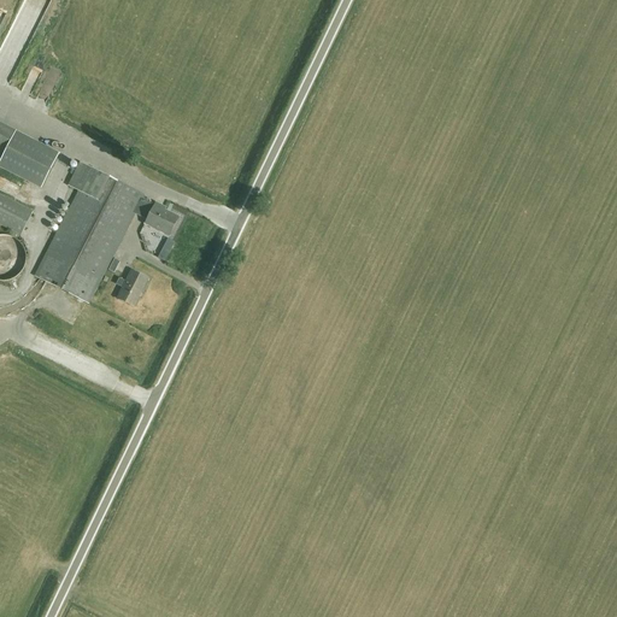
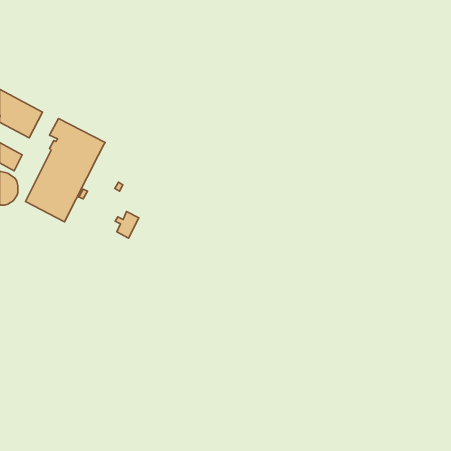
building: [134,198,177,235] -> none
building: [114,270,147,306] -> [115,212,139,238]

